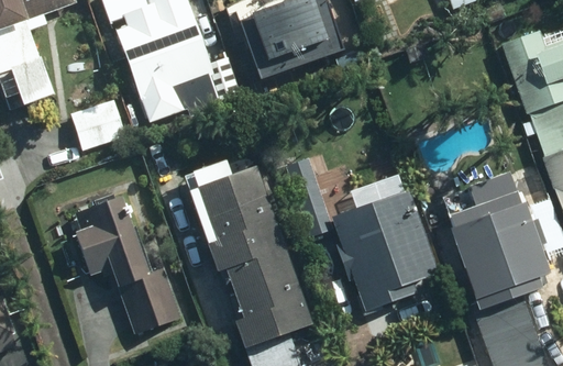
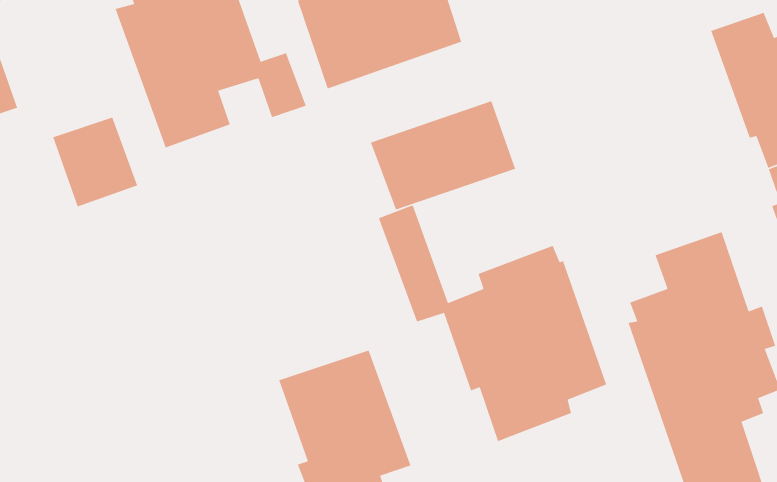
building: none -> [370,100,516,210]
building: [187,163,280,271] -> none
building: [75,196,179,329] -> none

